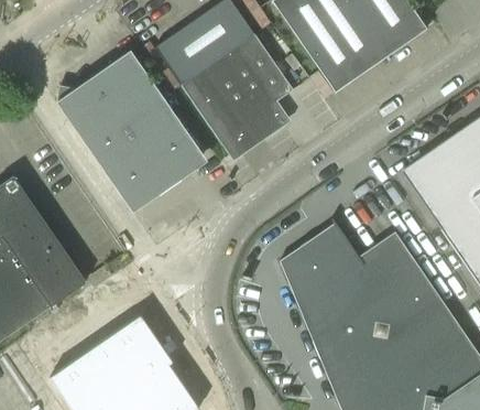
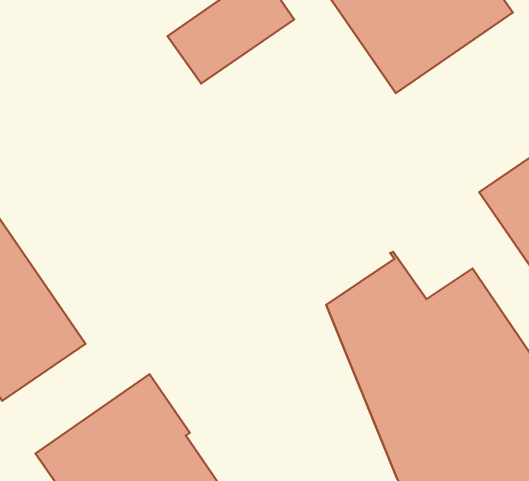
building: [182,34,294,161] -> none
building: [58,51,200,205] -> none

